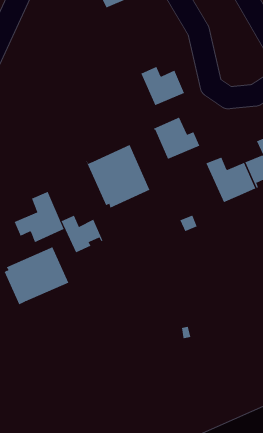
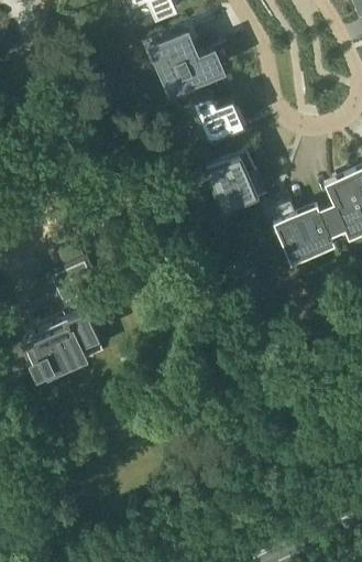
building: none -> [155,35,219,89]
building: [85,144,150,209] -> none
building: [61,215,103,253] -> none

